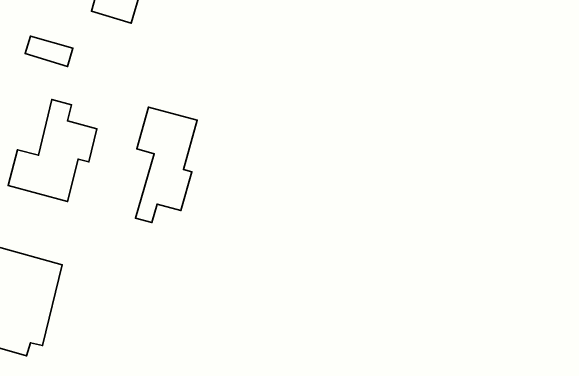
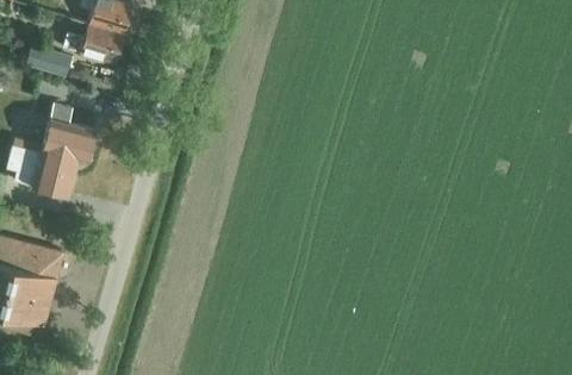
building: none -> [63,24,125,63]
building: [136,107,197,223] -> none

